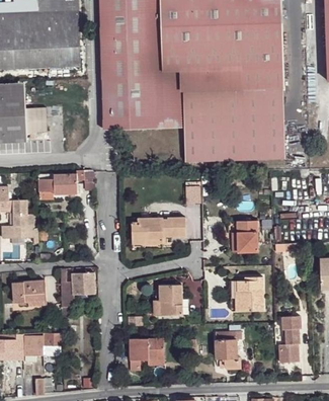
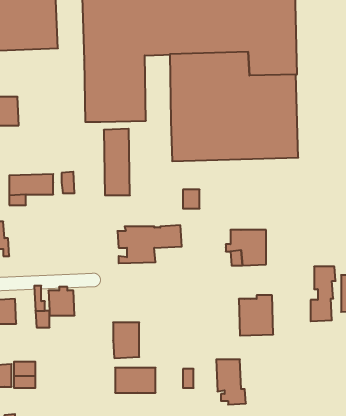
building: [154,71,176,128] -> [104,129,130,195]
building: [159,285,181,315] -> [113,322,139,358]
building: [279,316,301,363] -> [311,267,336,321]

